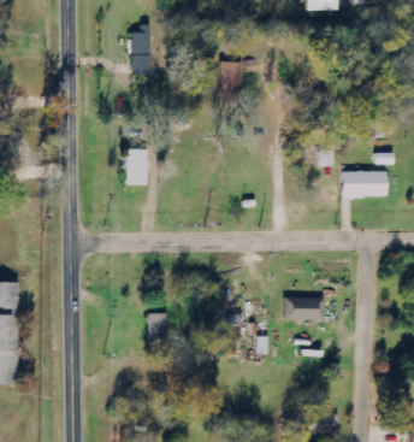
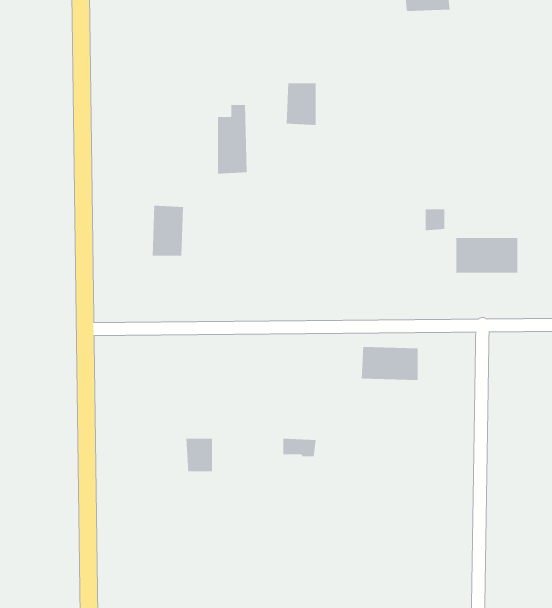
building: [132,22,154,71] -> [217,105,248,174]
building: [284,294,325,318] -> [361,347,419,381]

